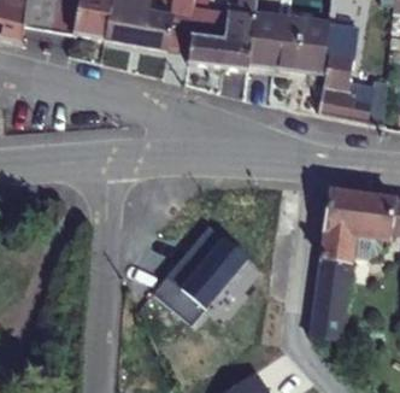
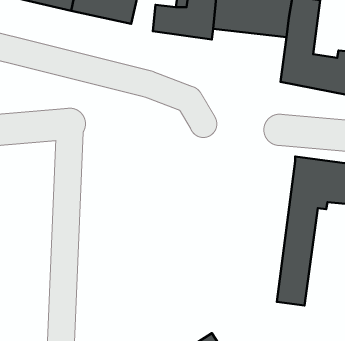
building: [154,224,248,324] -> none

